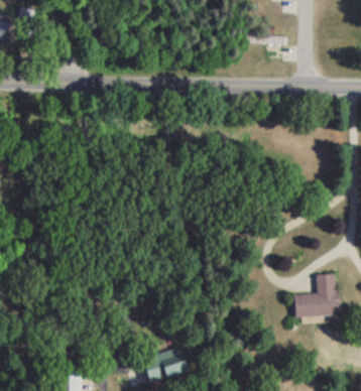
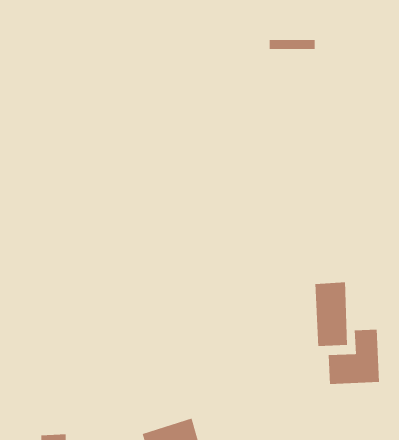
building: none -> [315,282,347,347]

